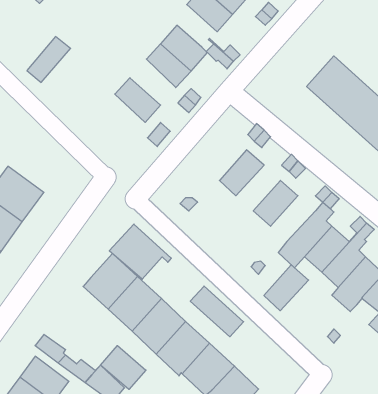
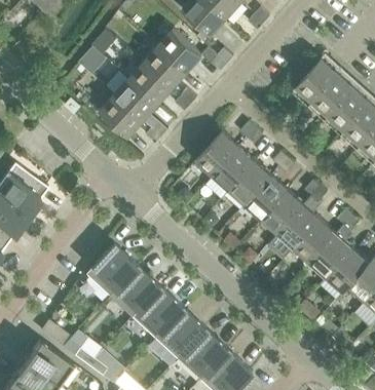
building: [27,37,71,82] -> [80,28,121,71]
building: none -> [129,62,173,105]
building: none -> [100,94,144,138]
building: none -> [196,131,239,176]
building: none -> [229,161,271,204]
building: [109,224,171,279] -> none
building: [264,265,309,311] -> [262,190,304,233]
building: [190,286,244,337] -> none
building: [101,346,146,389] -> none

